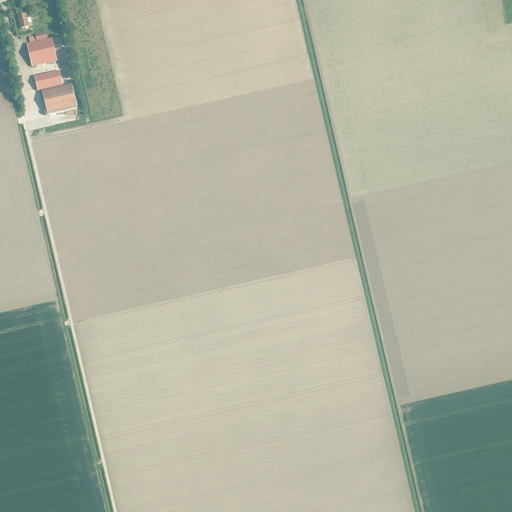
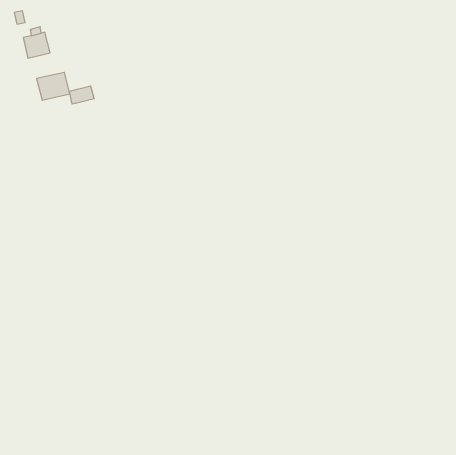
building: [34,69,62,89] -> [69,86,94,104]

